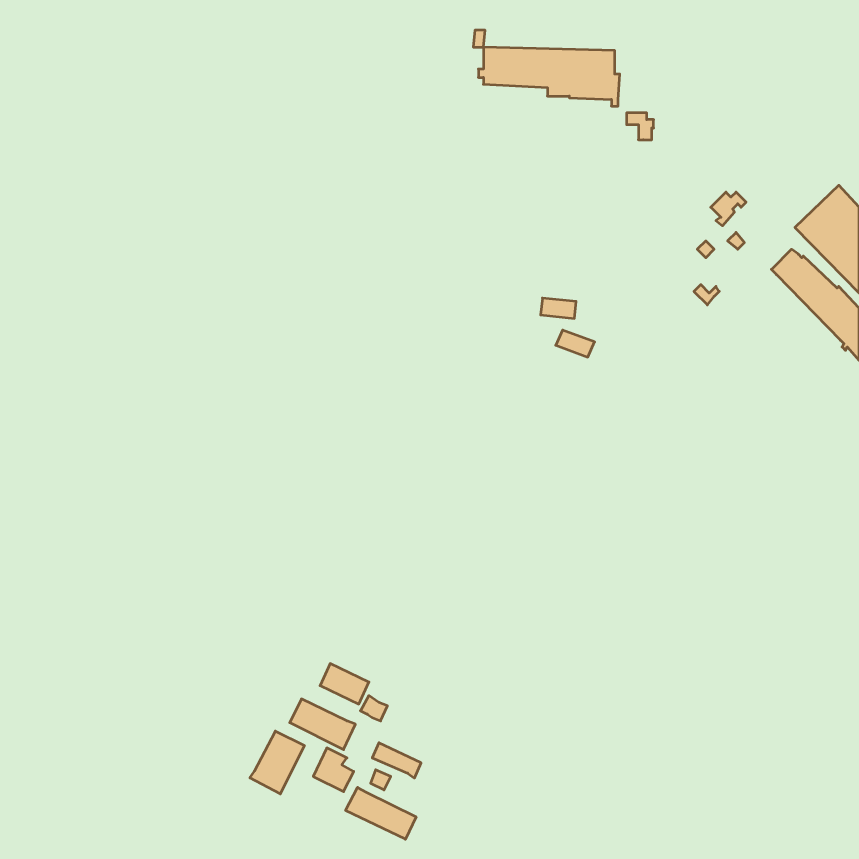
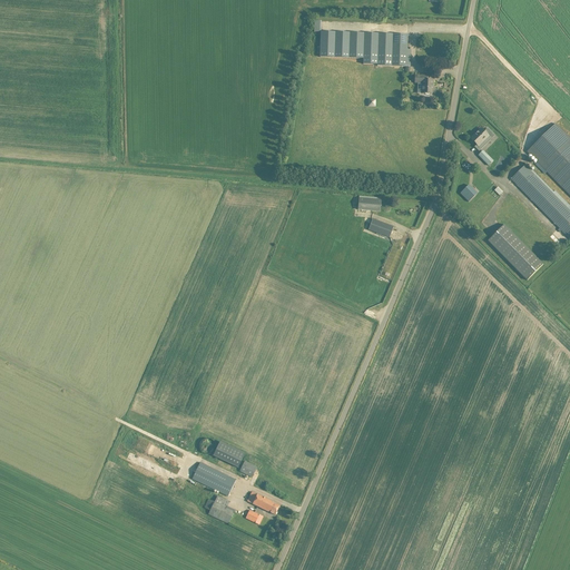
building: none -> [487,224,542,279]
building: [250,731,304,794] -> none
building: [346,787,416,839] -> none

